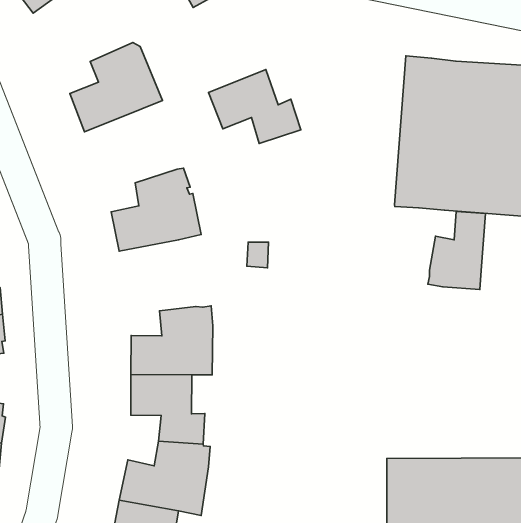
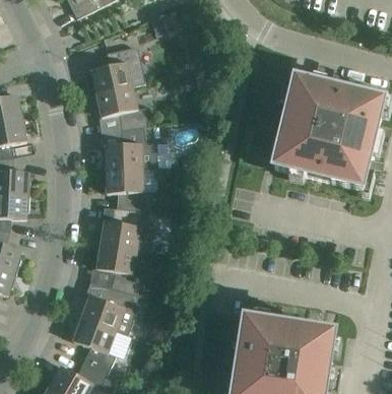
building: [208,70,301,143] -> [95,85,147,129]
building: [428,211,486,289] -> none
building: none -> [105,168,150,210]

